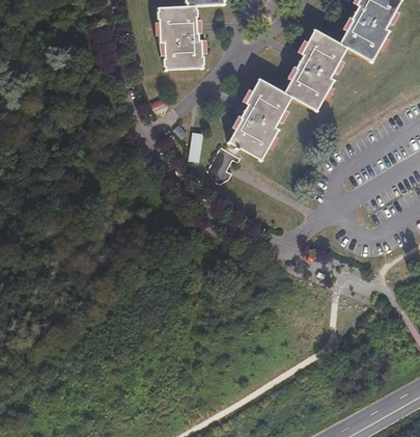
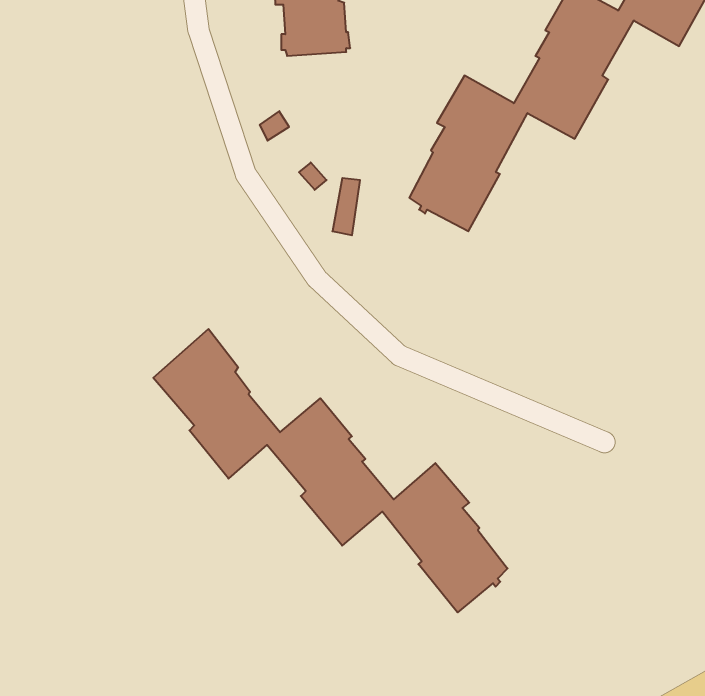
building: [206,145,240,182] -> none
building: none -> [153,329,508,612]

